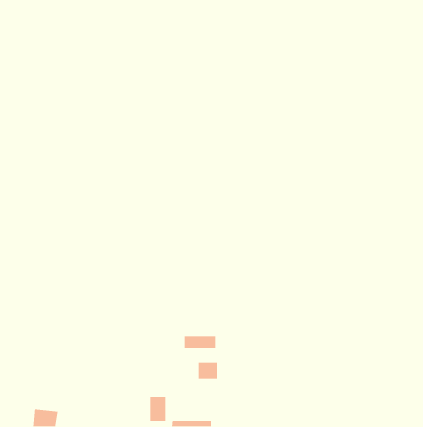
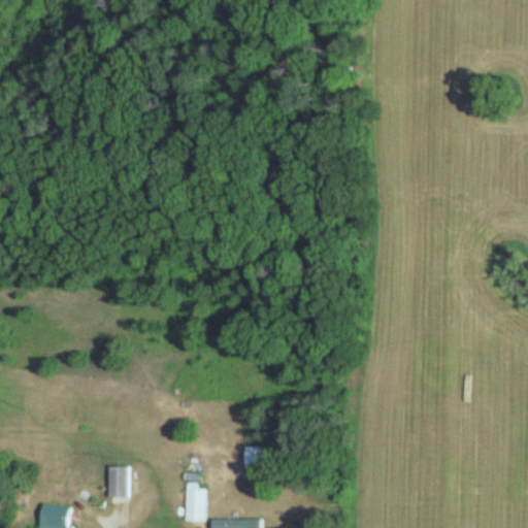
building: [184,336,216,349] -> none
building: none -> [108,467,128,498]

